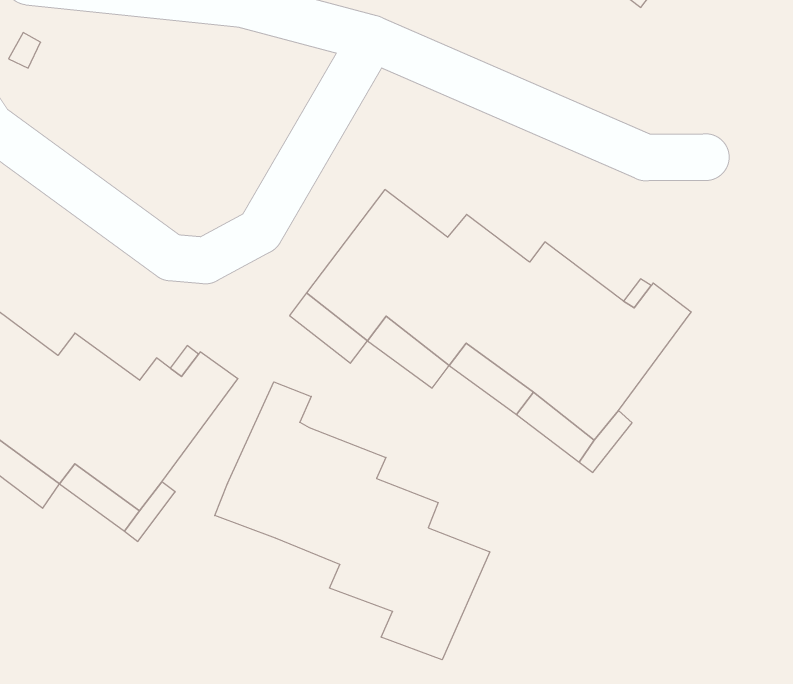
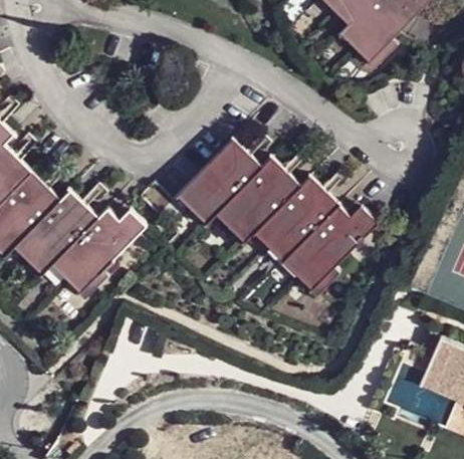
building: [215,382,490,660] -> none

